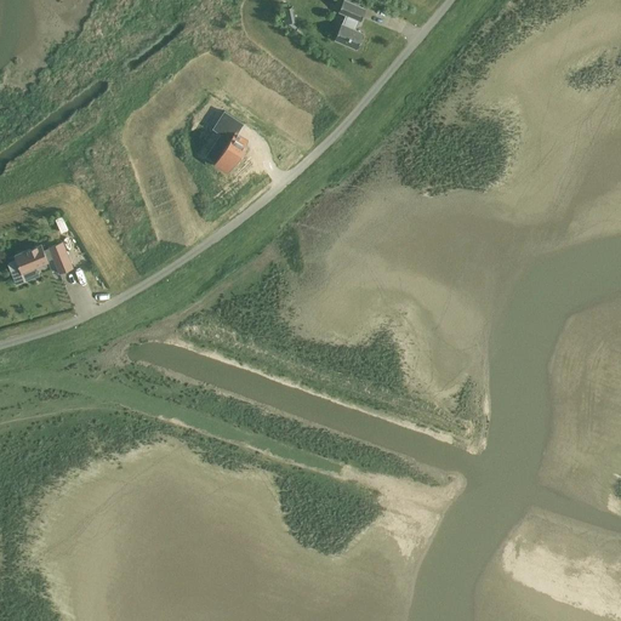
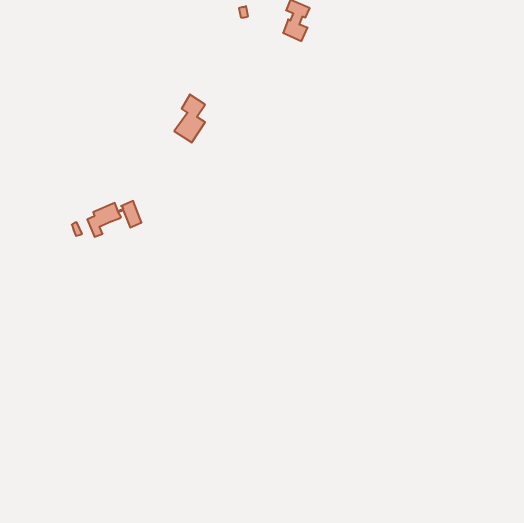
building: [8,243,73,285] -> [87,201,142,237]

